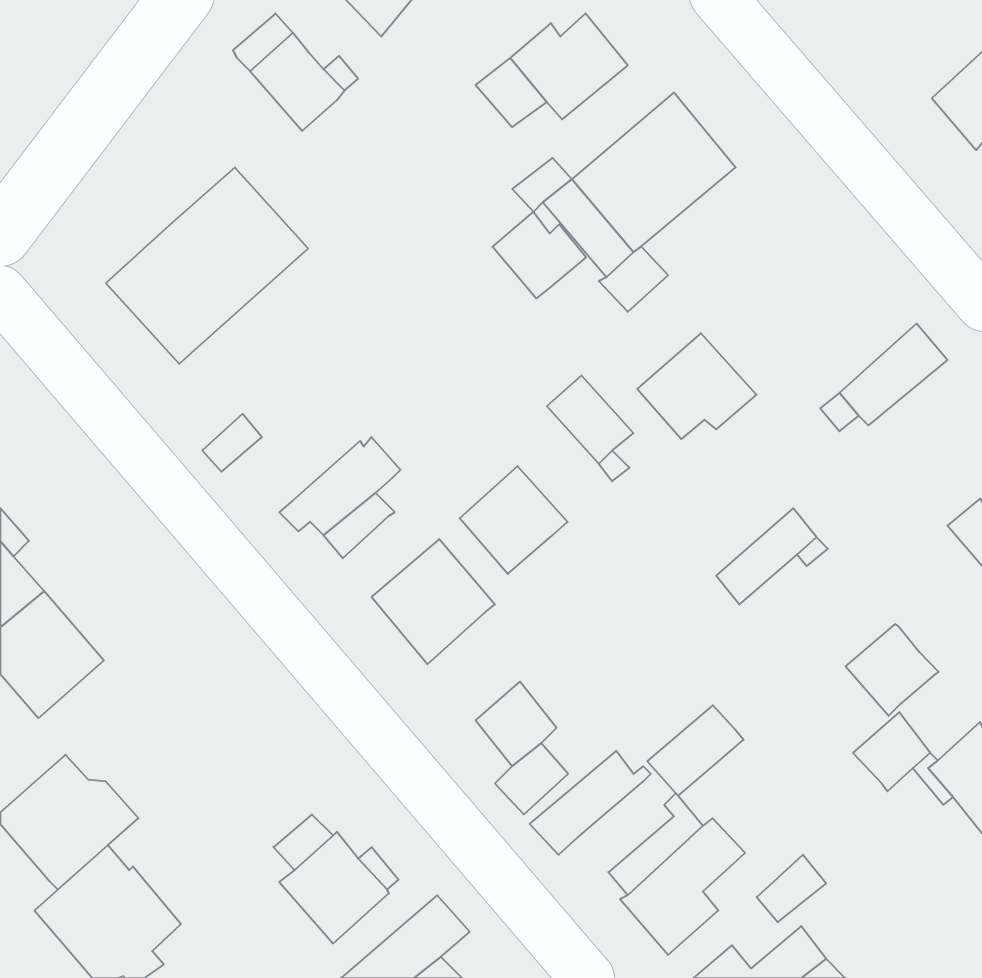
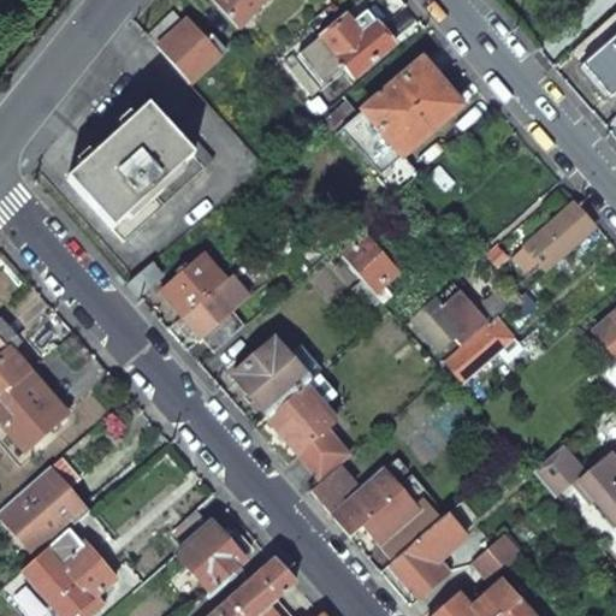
building: none -> [113,96,214,241]
building: [492,212,586,298] -> none
building: [637,333,757,439] -> [413,283,487,349]
building: none -> [162,253,226,313]
building: [460,466,568,574] -> [268,383,336,450]
building: [846,624,939,716] -> none
building: [647,705,744,796] -> [362,488,422,545]

